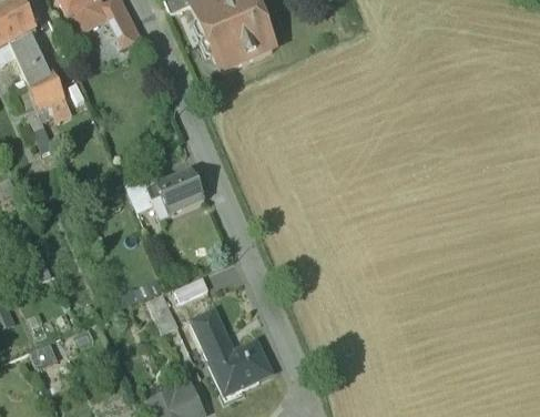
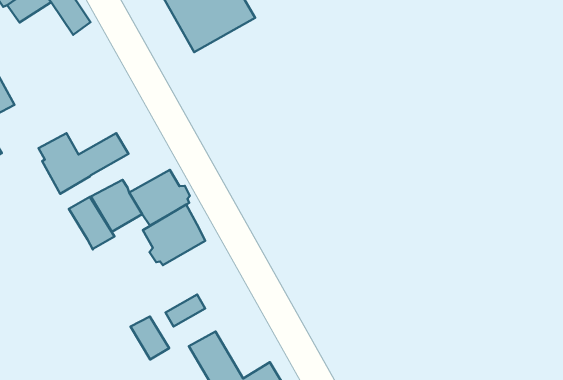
building: none -> [38,133,129,194]
building: none -> [69,197,114,250]
building: none -> [143,205,205,265]

